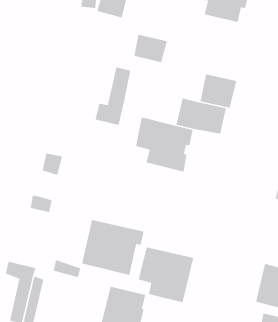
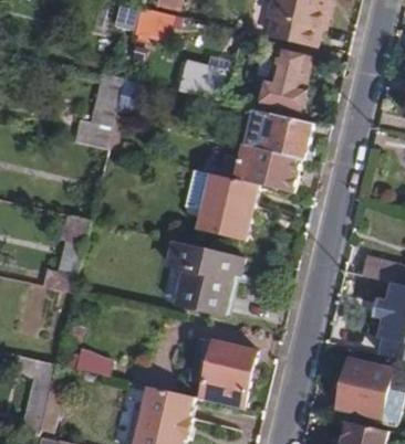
building: none -> [255,51,308,115]
building: [94,67,131,126] -> [74,73,122,149]
building: [81,219,145,276] -> [160,241,242,314]

